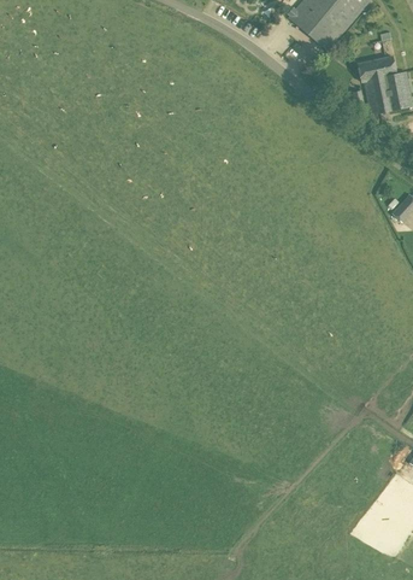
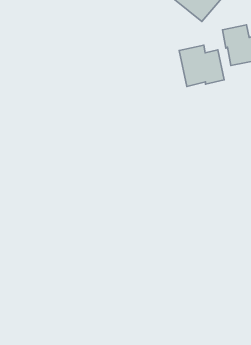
building: none -> [179,45,224,86]

